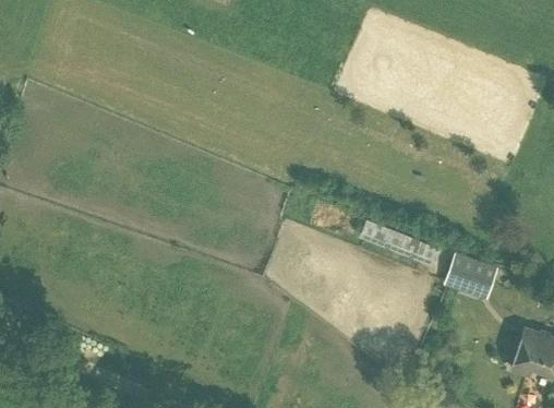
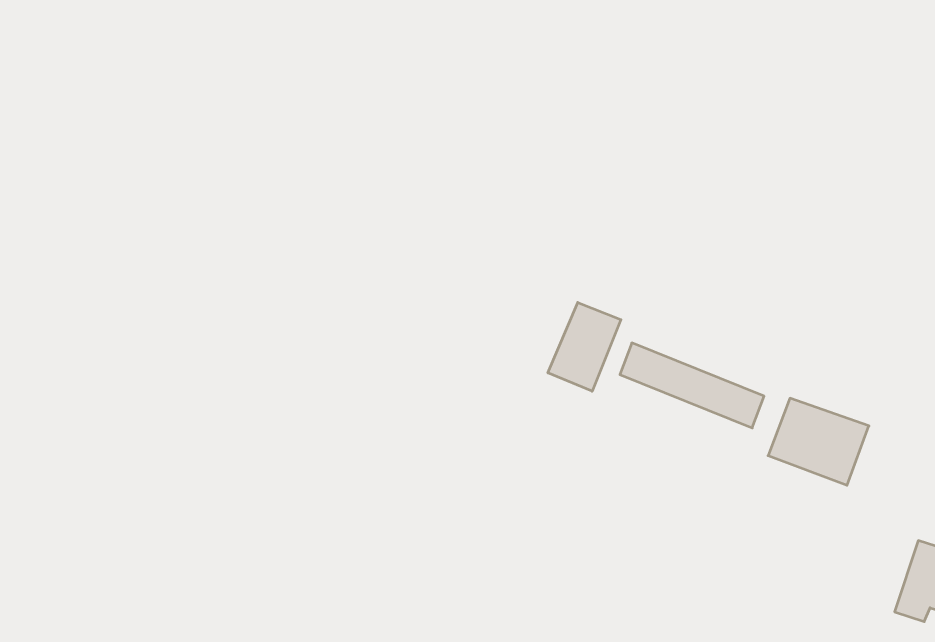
building: none -> [548,302,621,391]

